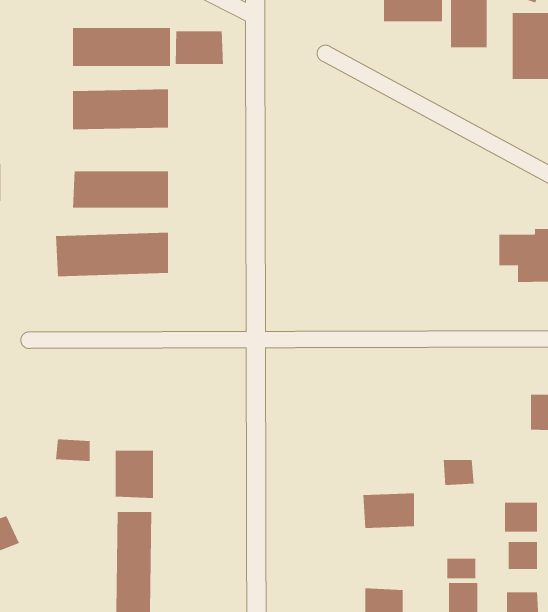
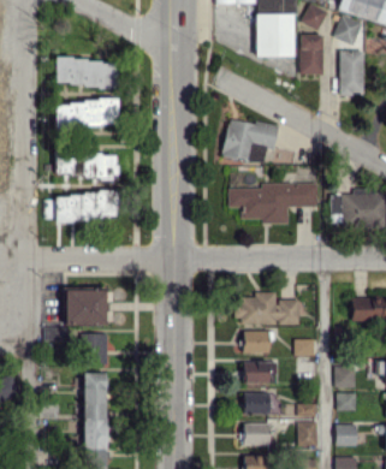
building: [175,31,223,65] -> none
building: none -> [221,117,279,165]
building: none -> [228,183,317,224]
building: none -> [64,289,111,325]
building: none -> [237,291,299,325]
building: none -> [243,331,269,352]
building: none -> [243,392,275,414]

